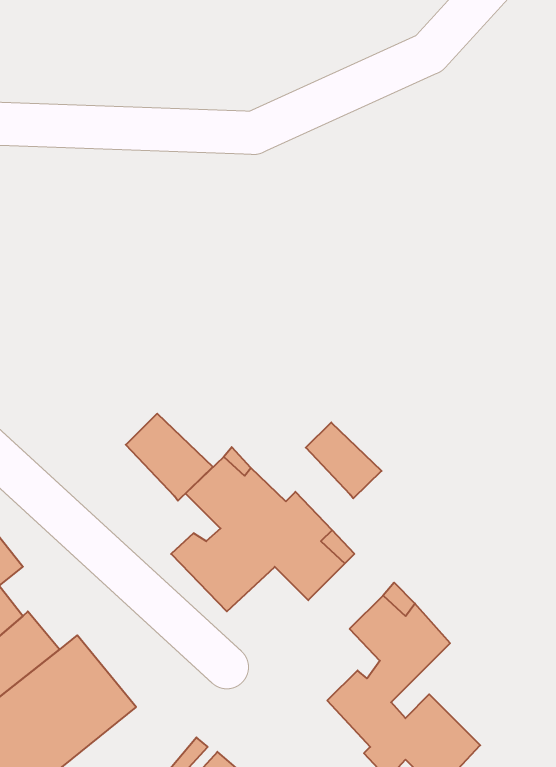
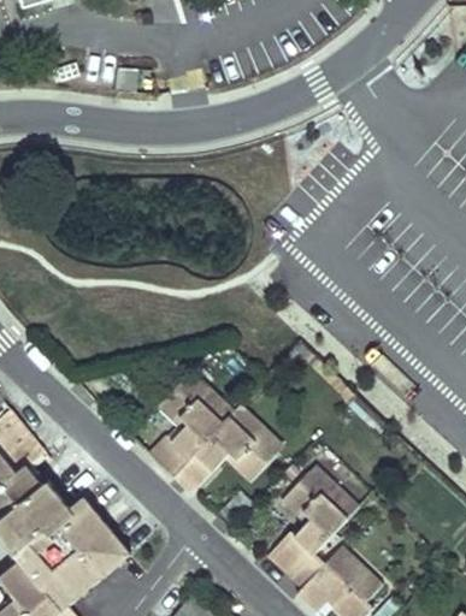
building: [126,414,213,501] -> none
building: [306,422,382,498] -> none

